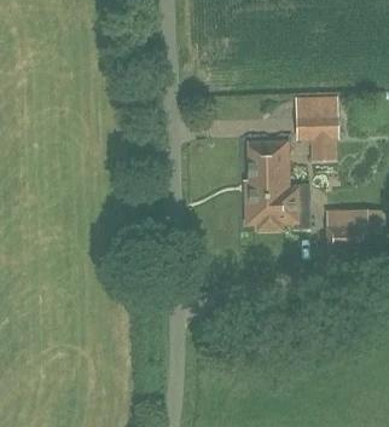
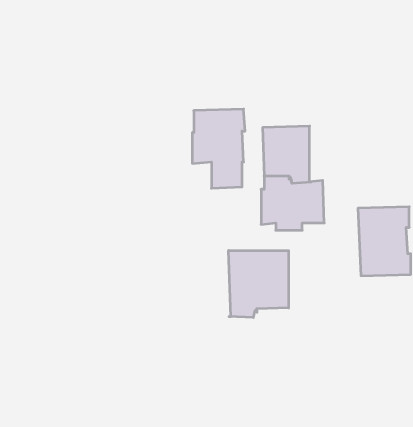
building: [296,96,339,161] -> [192,109,245,188]
building: none -> [229,250,289,318]

